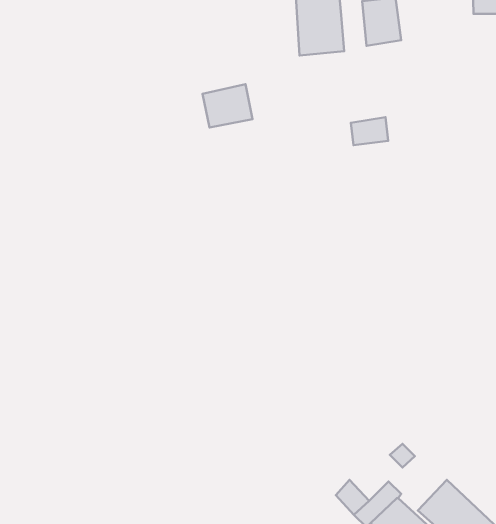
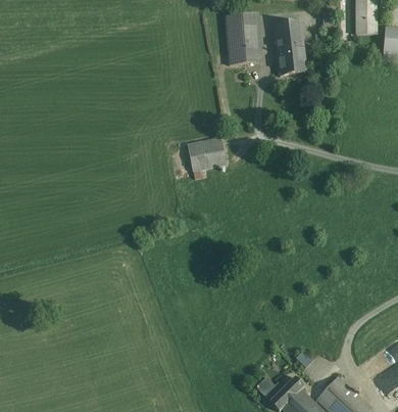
building: [202,84,253,127] -> [188,138,225,170]
building: [351,117,388,145] -> [278,53,305,74]

